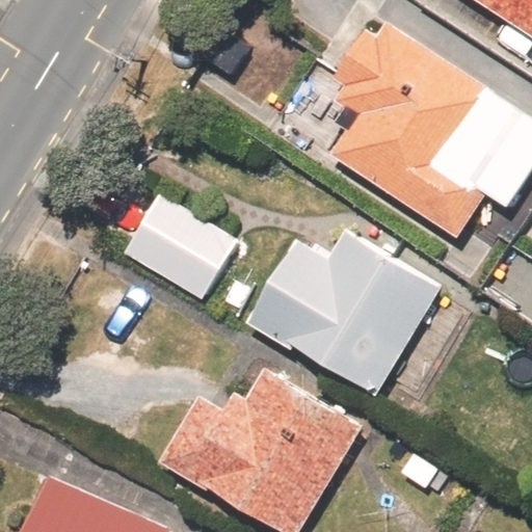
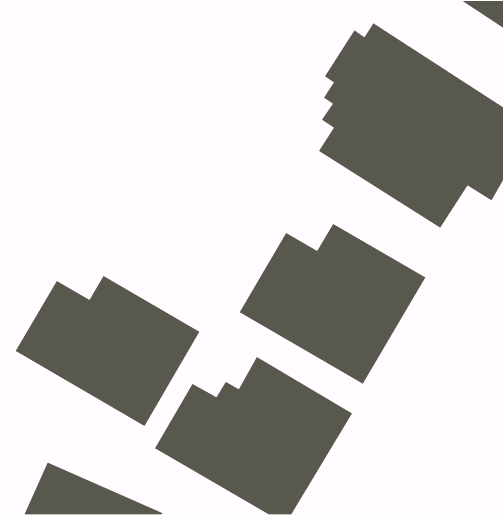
building: [123,195,234,299] -> none
building: none -> [14,275,201,427]

